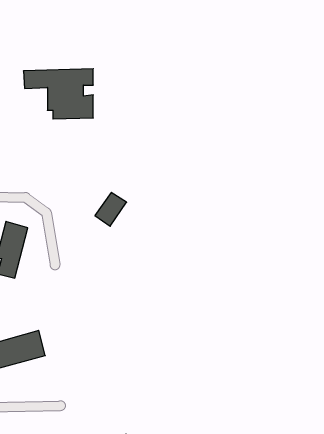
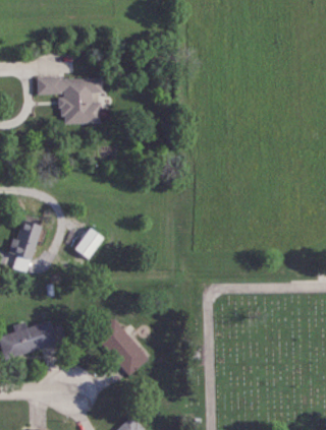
building: [95,192,127,226] -> [74,228,104,259]
building: none -> [95,319,149,375]

